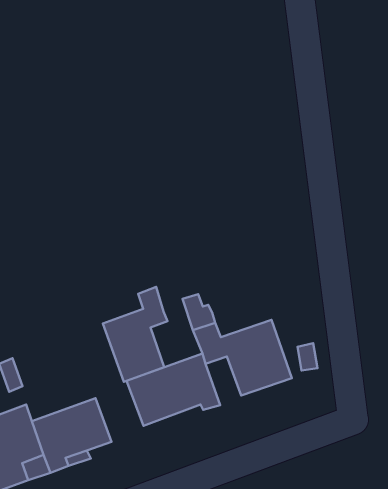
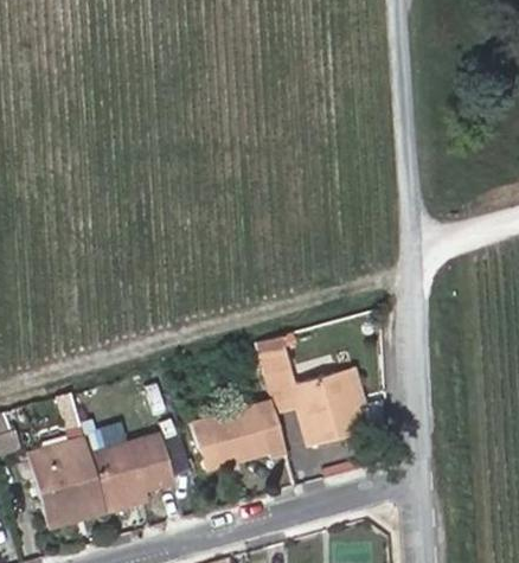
building: [103,287,167,382] -> none

